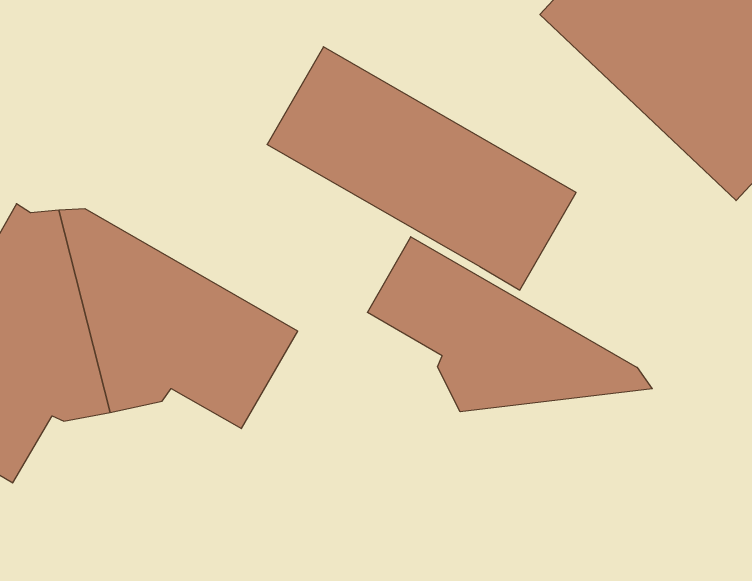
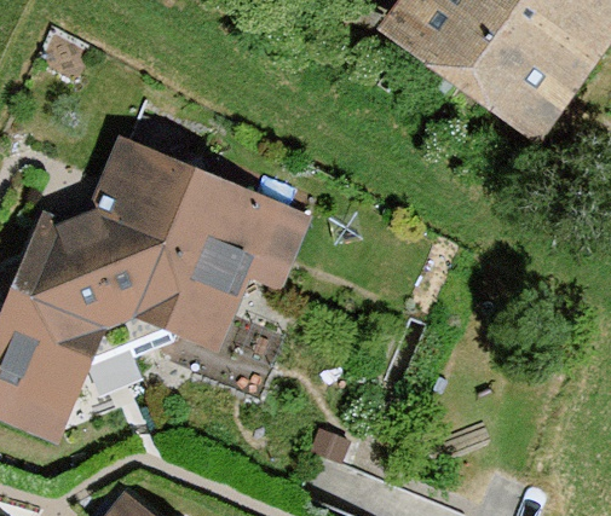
building: [267,47,576,290] -> [88,141,309,290]
building: [367,237,652,412] -> none

